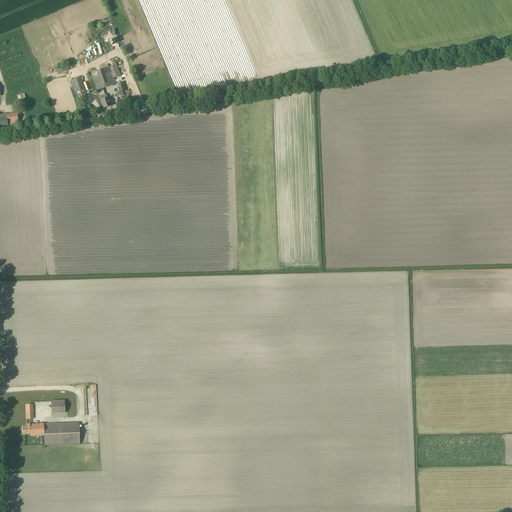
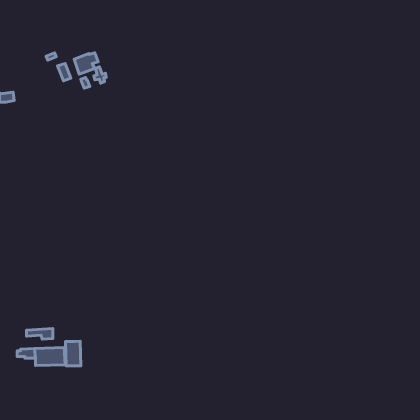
building: none -> [66,341,81,366]

